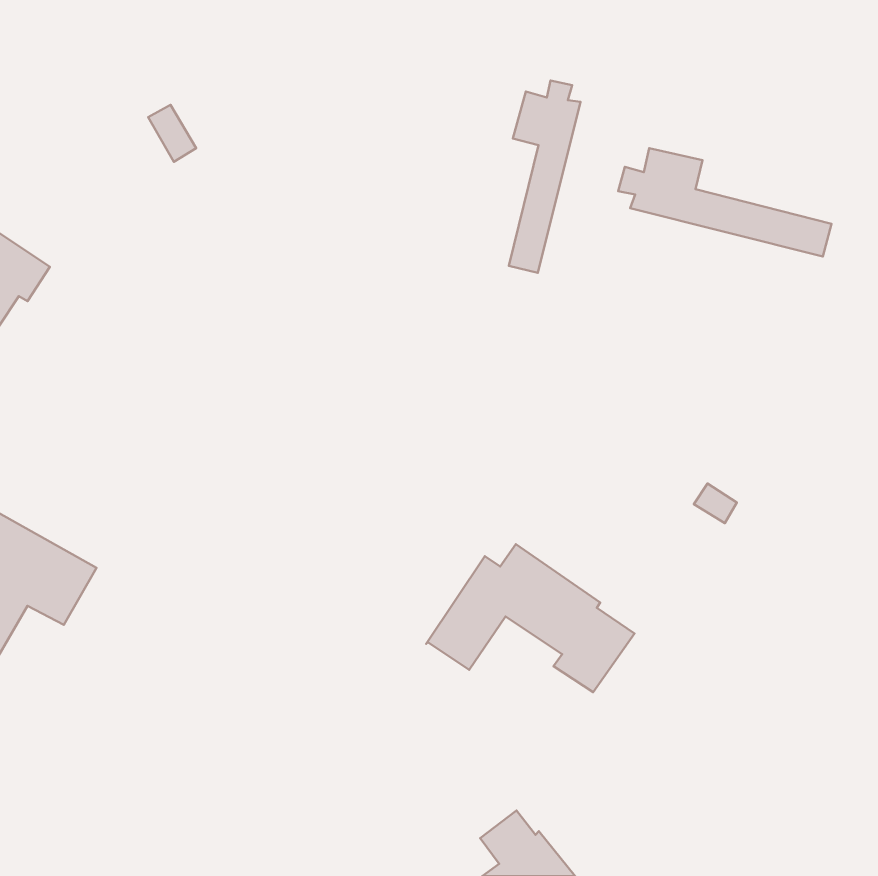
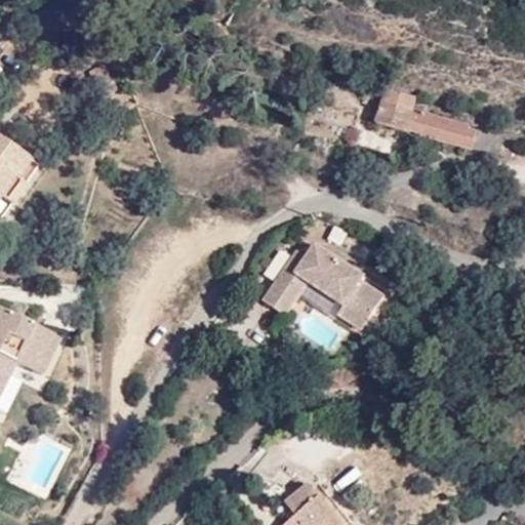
building: [509,81,581,273] -> none
building: [426,544,635,692] -> [262,242,387,330]

